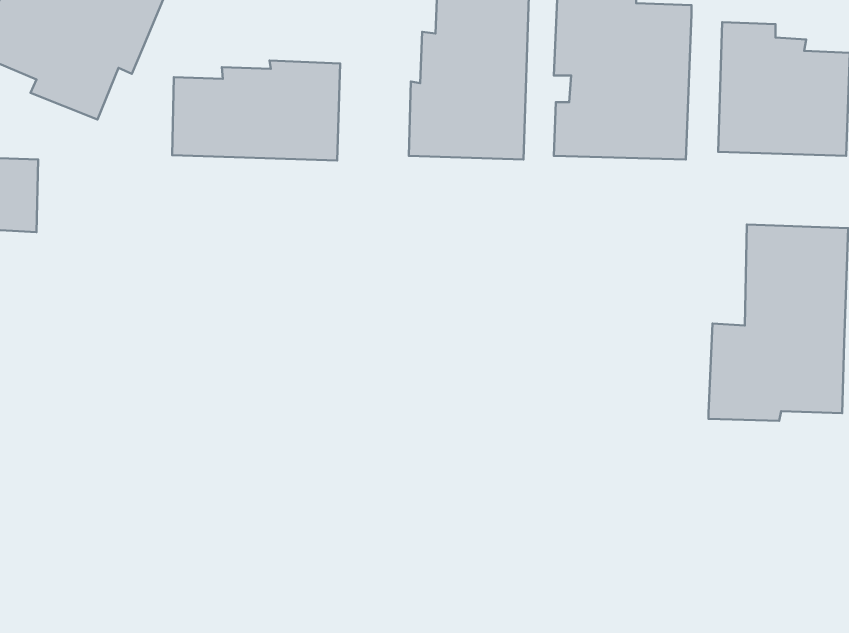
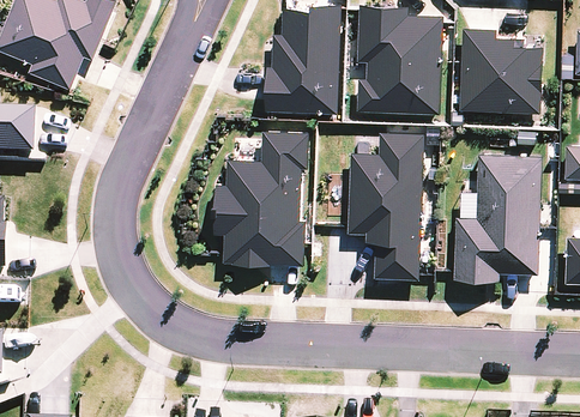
building: [172,61,340,161] -> none
building: none -> [213,128,308,262]
building: none -> [348,131,424,276]

